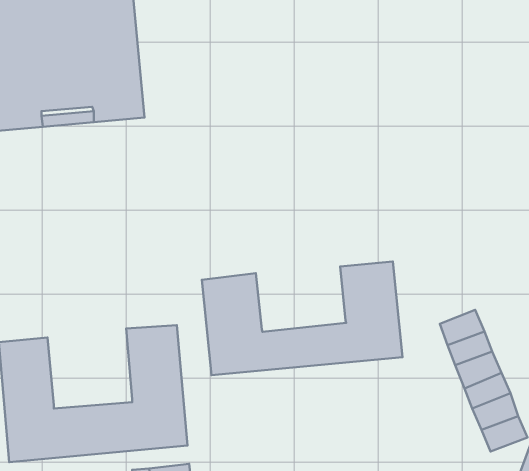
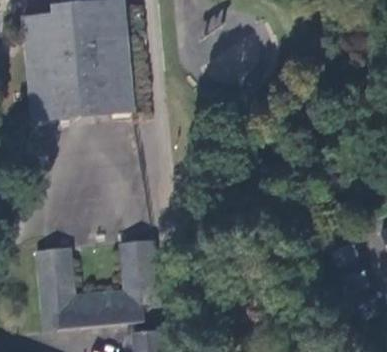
building: [202,262,403,375] -> none

